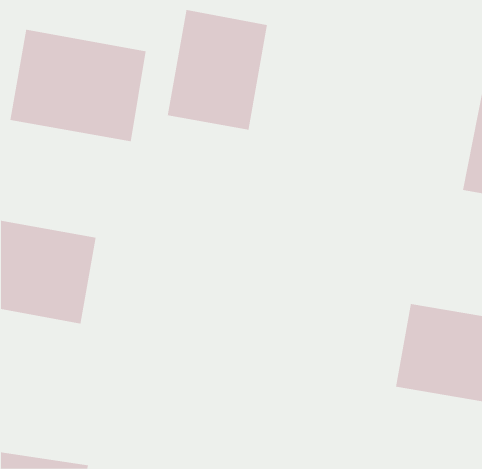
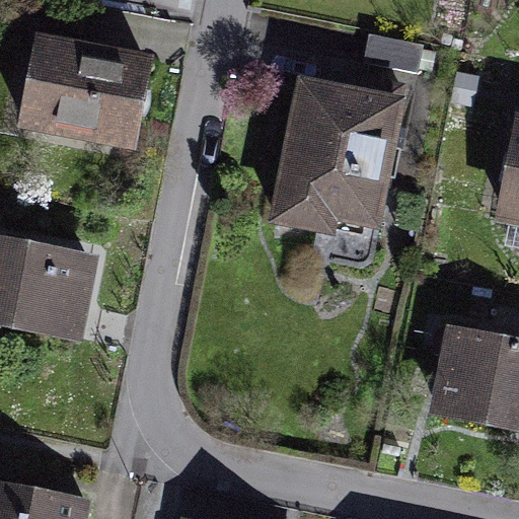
building: [167,9,268,131] -> none
building: none -> [267,74,410,239]

